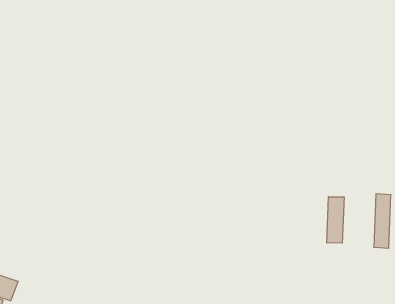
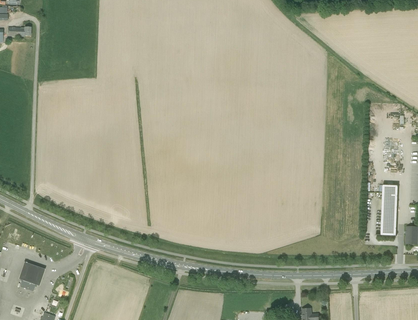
building: [327,197,344,243] -> none

